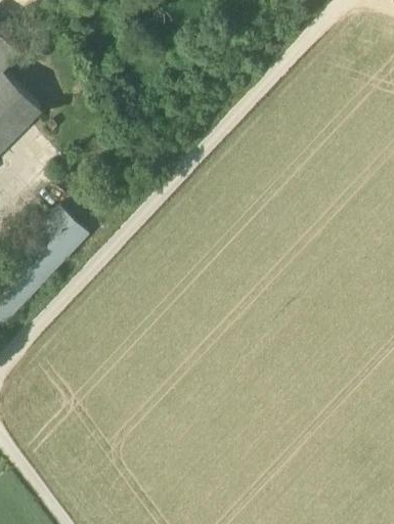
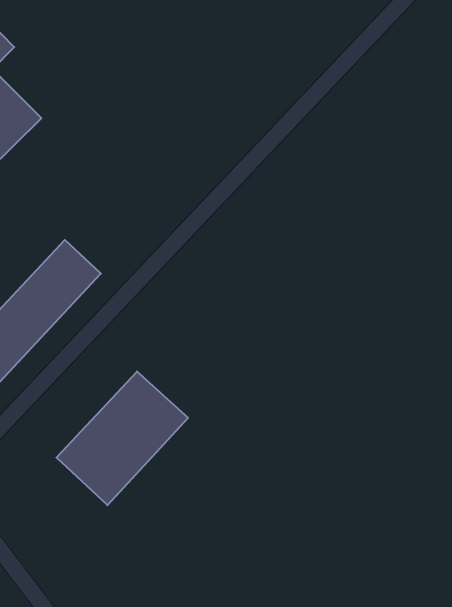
building: none -> [56,371,188,505]

